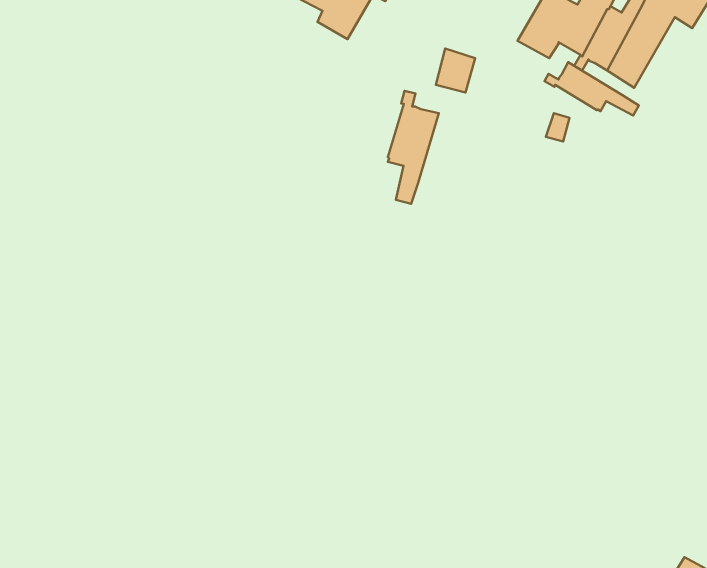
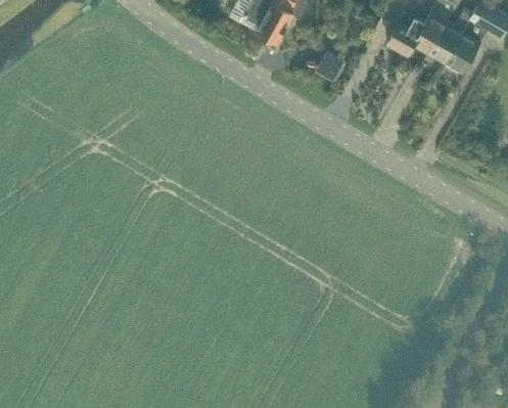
building: [545,62,639,116] -> none
building: [388,91,439,204] -> none

